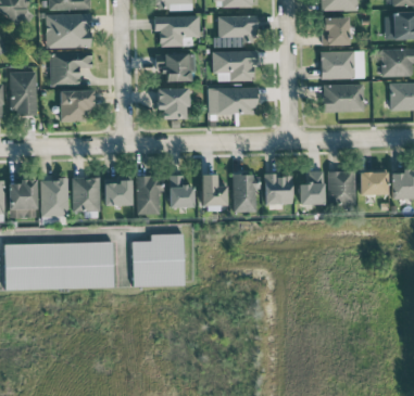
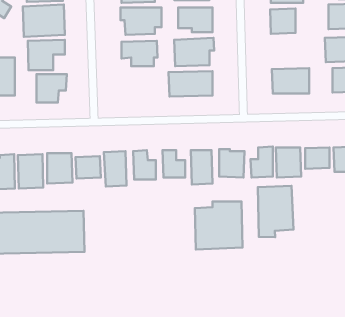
building: [321,51,365,79] -> none
building: [156,88,188,119] -> none
building: none -> [258,186,293,237]
building: [131,234,185,288] -> [195,201,243,249]

